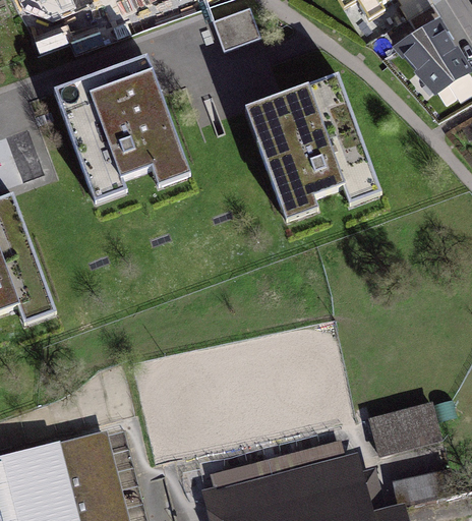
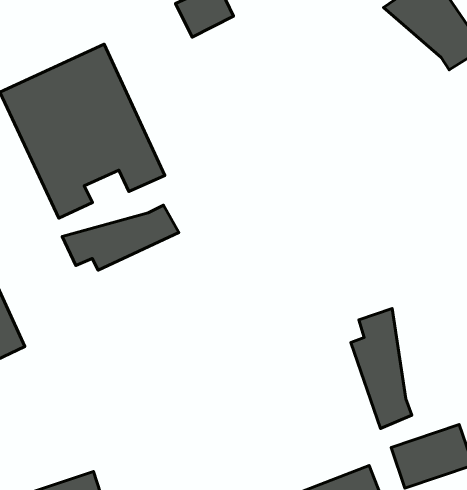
building: [244,75,379,221] -> none
building: none -> [62,205,179,270]
building: none -> [351,309,412,429]

